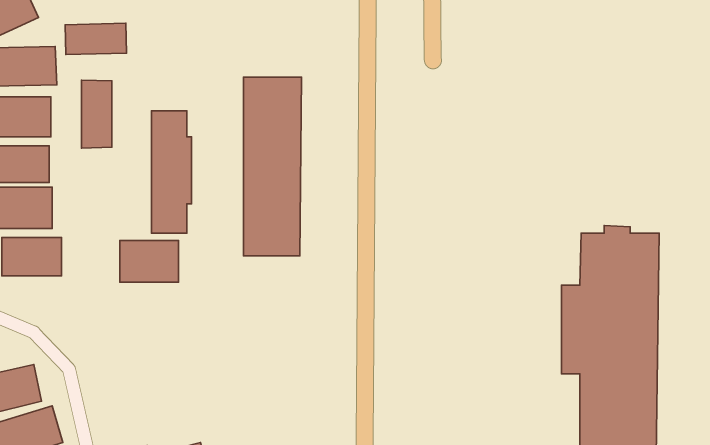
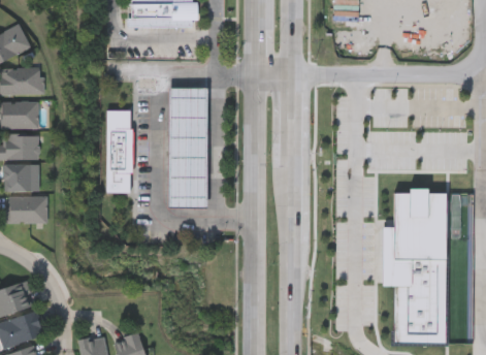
building: [65,23,126,55] -> none
building: [81,80,112,148] -> none
building: [120,240,178,282] -> none

